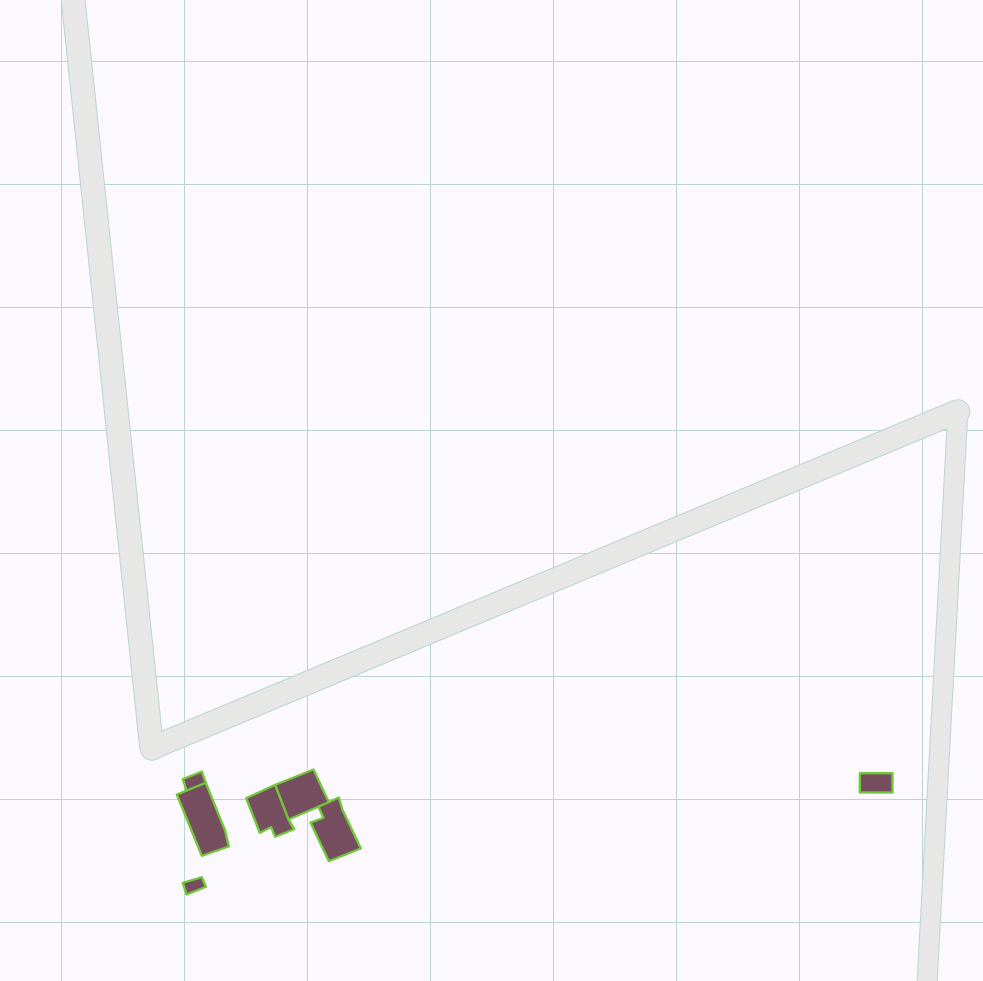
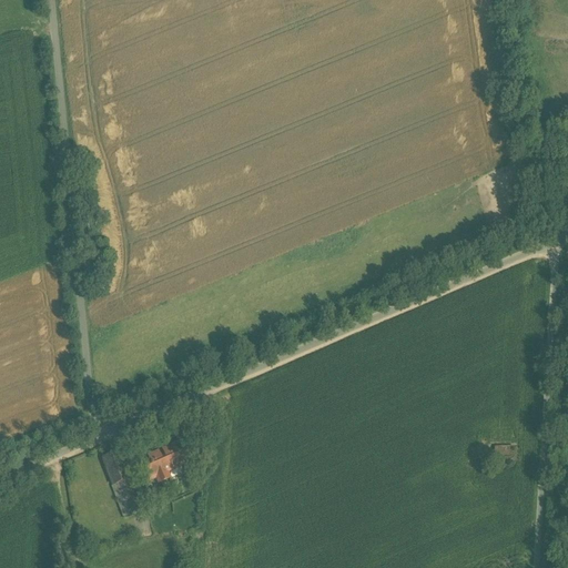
building: [311,797,361,861] -> none

